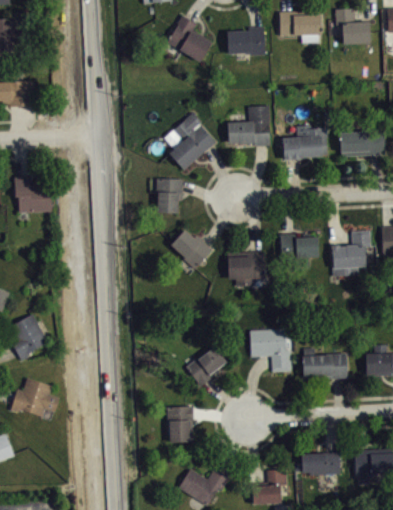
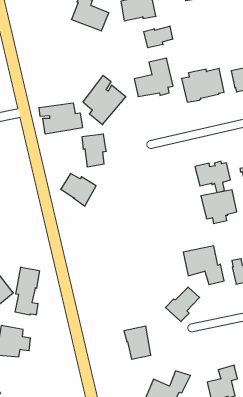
building: none -> [144,26,173,48]
building: none -> [39,103,82,134]
building: [171,230,212,270] -> [61,173,96,206]
building: [227,252,265,287] -> [201,190,237,224]
building: none -> [15,267,39,315]
building: [186,348,227,386] -> [165,287,200,322]

